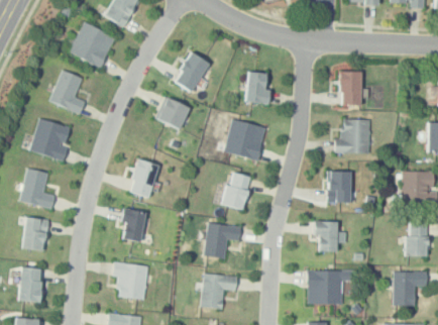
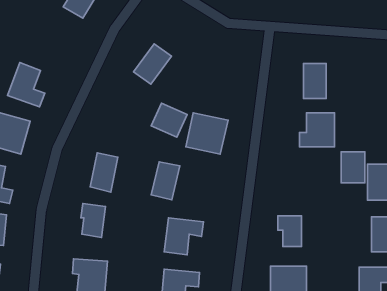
building: [68,21,115,68] -> none
building: [245,72,270,104] -> none
building: [154,96,190,129] -> [151,103,187,137]
building: [327,171,350,201] -> [341,152,365,183]
building: [223,172,251,209] -> [151,162,180,200]

